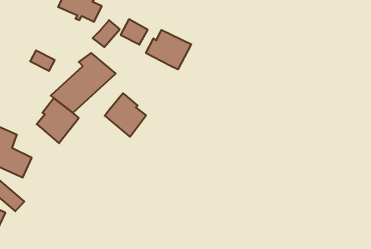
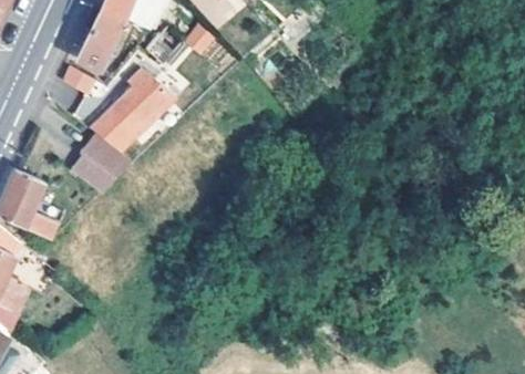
building: none -> [76,10,124,72]
building: [146,30,191,69] -> none
building: [105,93,146,137] -> none

